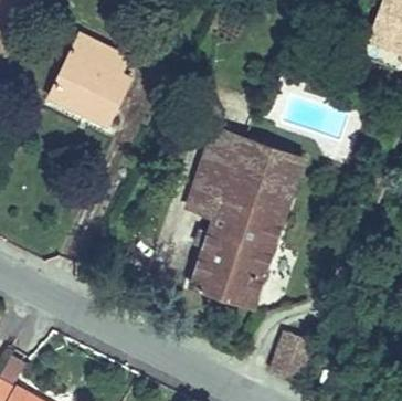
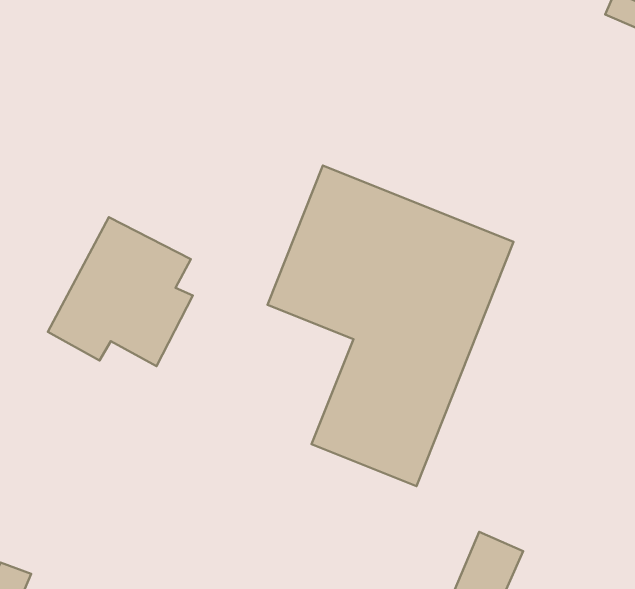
building: [46,39,130,125] -> [48,217,193,366]

